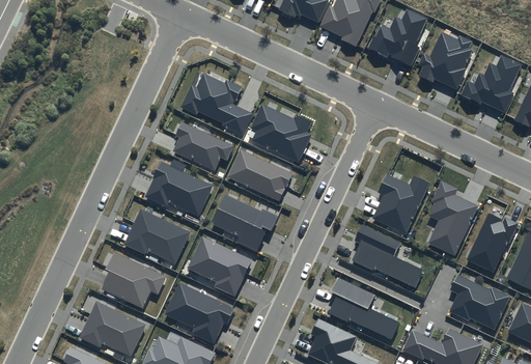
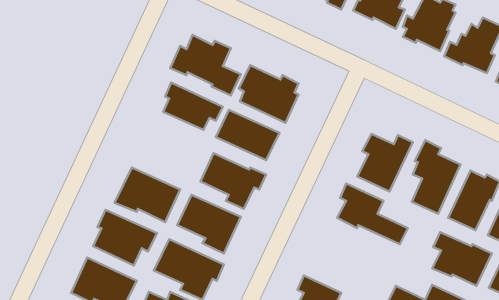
building: [144,161,214,216] -> none
building: [328,277,399,339] -> none

